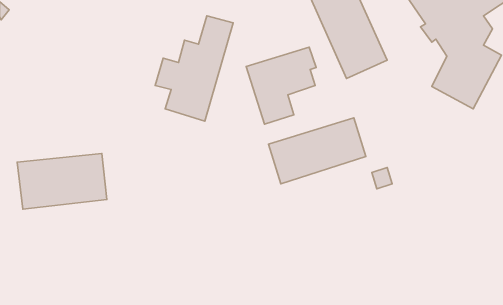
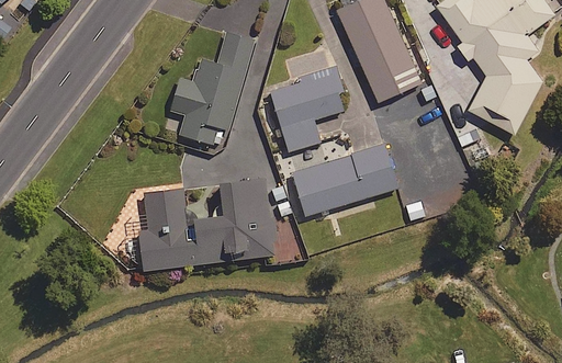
building: none -> [138,180,278,271]
building: [17,154,107,209] -> none

